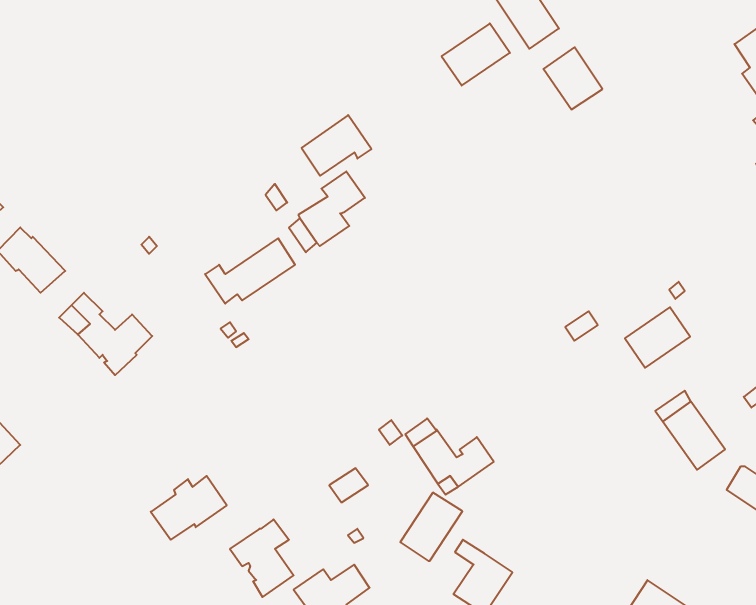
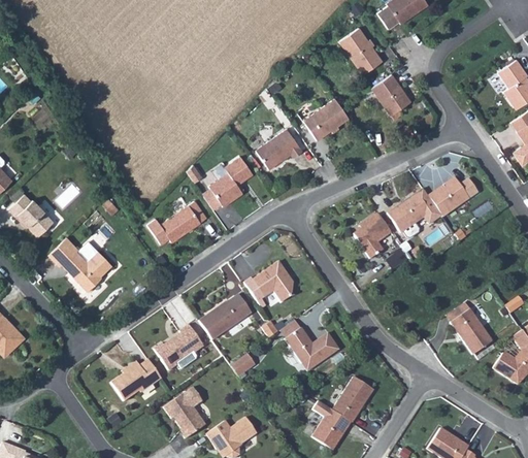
building: [442,23,510,86] -> [303,98,349,139]
building: [302,115,371,176] -> [256,128,302,168]
building: none -> [428,176,469,216]
building: none -> [353,212,391,258]
building: [625,307,690,368] -> [387,192,430,232]
building: none -> [243,261,293,305]
building: none -> [198,294,251,339]
building: none -> [153,324,203,370]
building: [400,493,462,561] -> [332,377,373,422]

